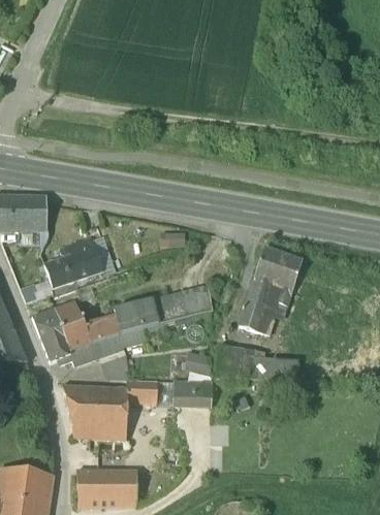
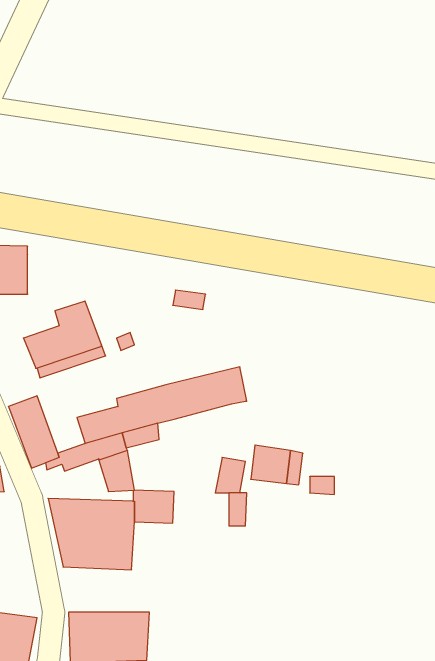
building: [239,248,302,335] -> none
building: [54,300,90,351] -> none
building: [172,380,198,406] -> none

